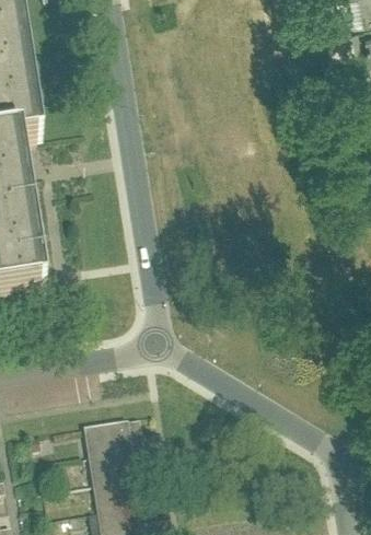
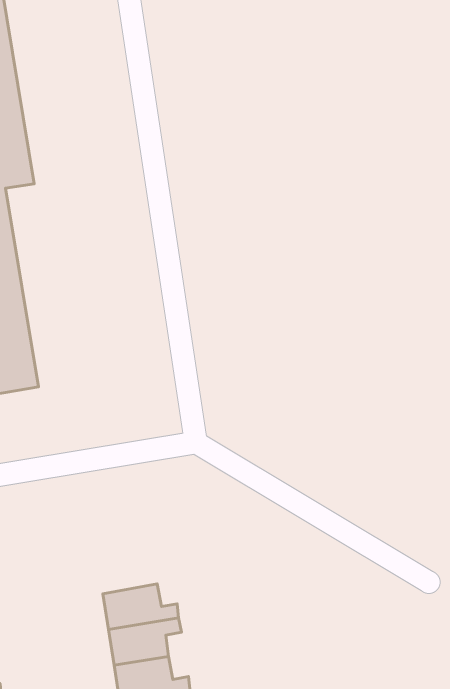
building: [84,422,141,460] -> none

